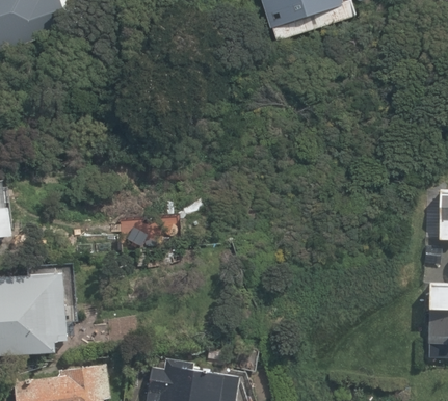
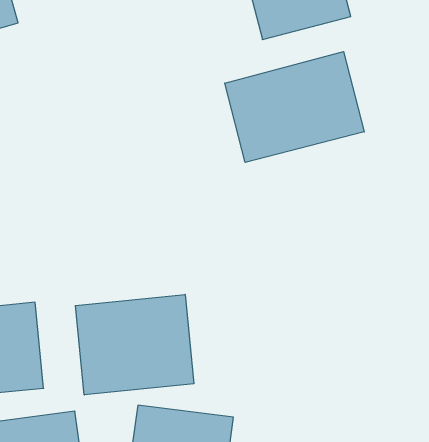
building: none -> [225,52,364,162]
building: none -> [75,294,194,395]

